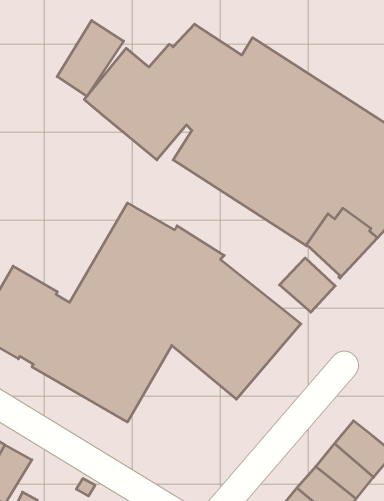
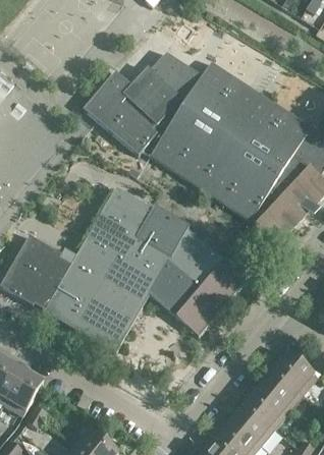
building: [57,20,124,96] -> none
building: [279,258,335,312] -> none

